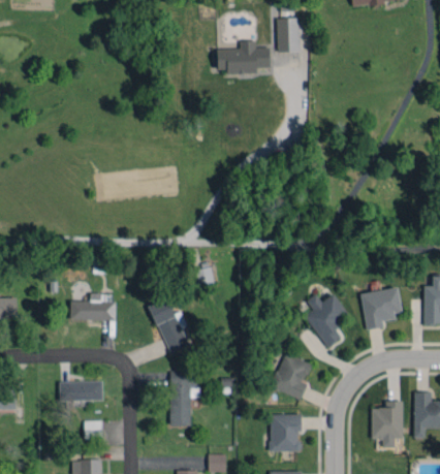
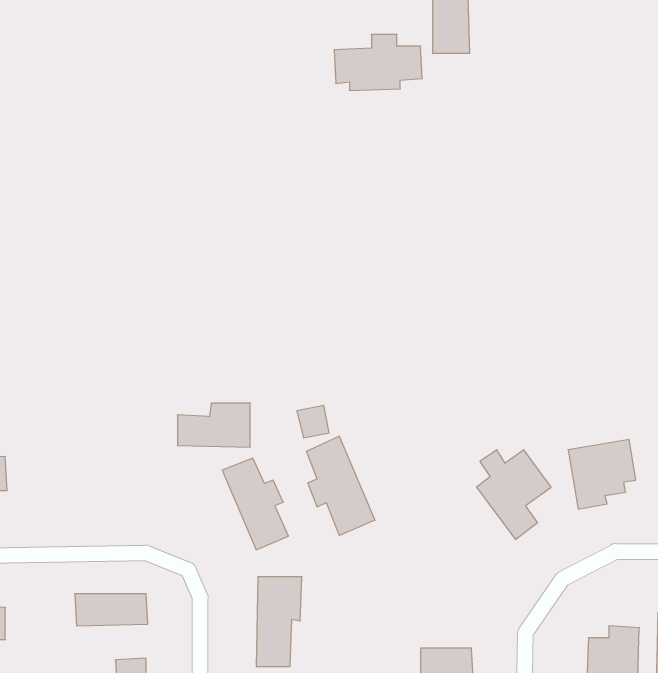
building: none -> [306,436,375,535]
building: [70,293,115,320] -> [177,403,250,447]
building: [272,353,311,398] -> none

